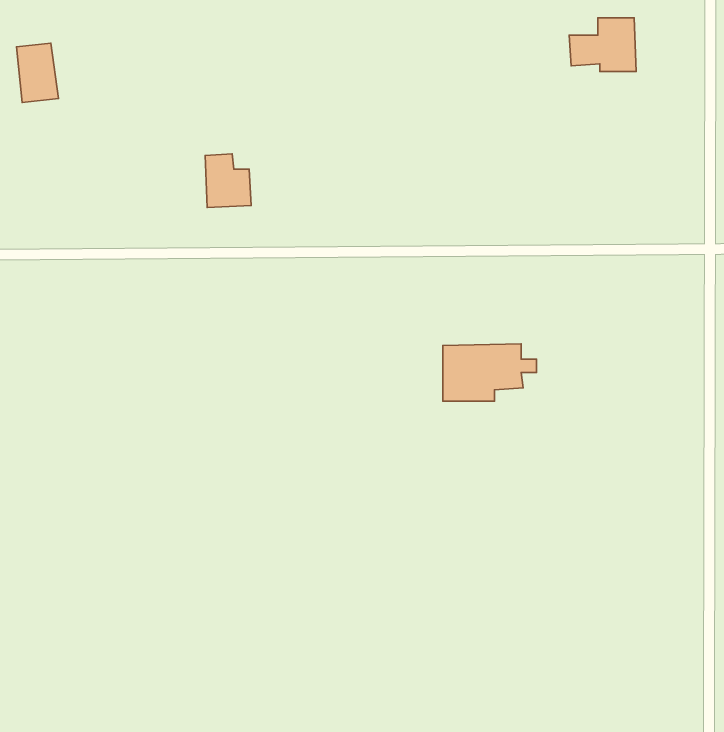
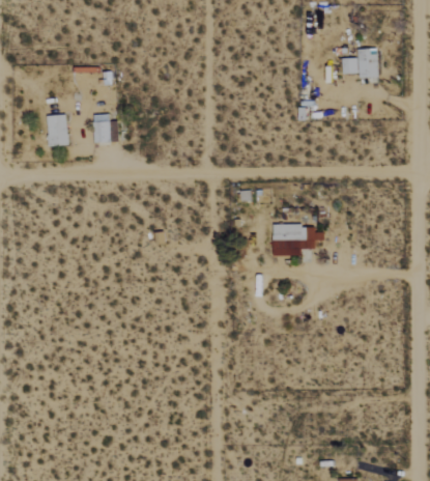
building: [16,43,59,102] -> [46,114,68,146]
building: [205,154,251,207] -> [93,113,118,142]

